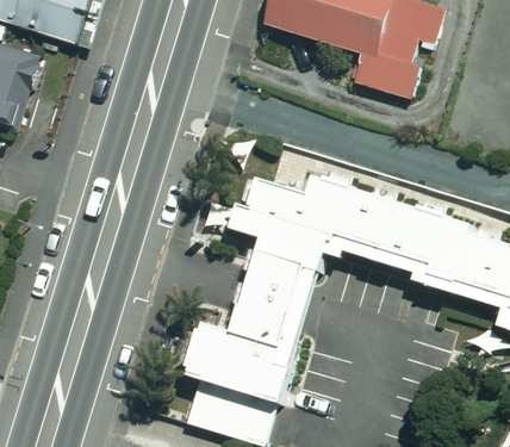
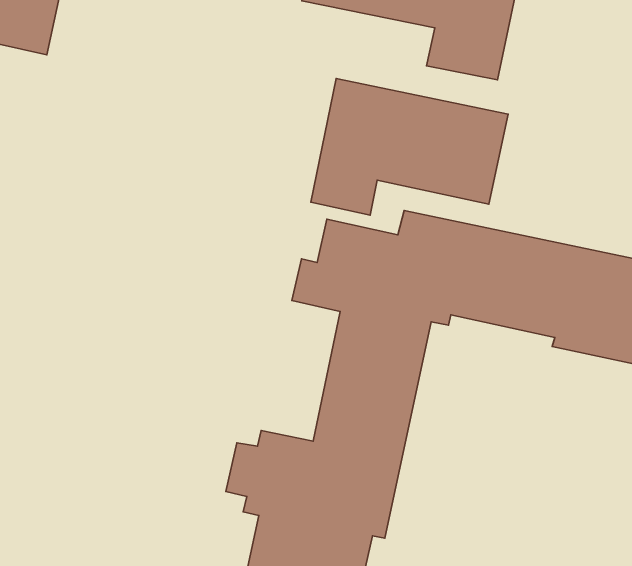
building: none -> [311,78,508,215]

